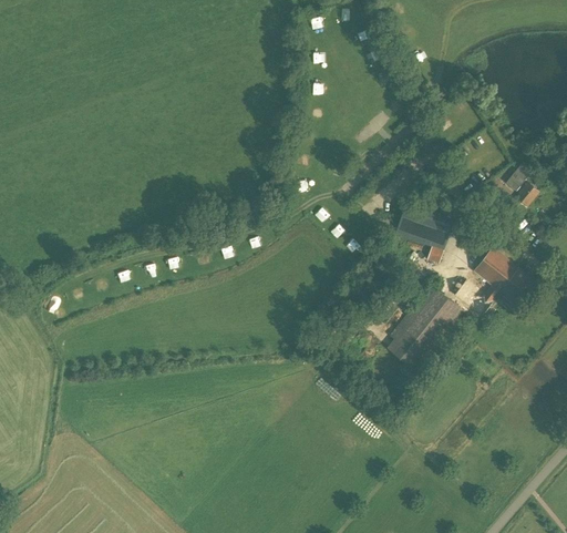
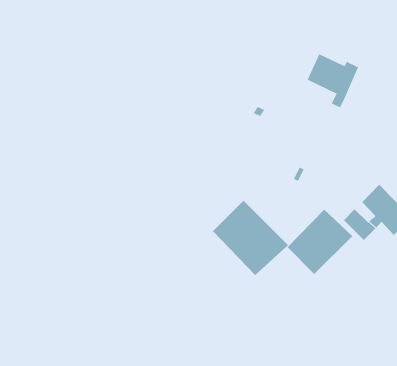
building: [393,202,454,265] -> [307,54,359,108]
building: none -> [212,200,289,276]

